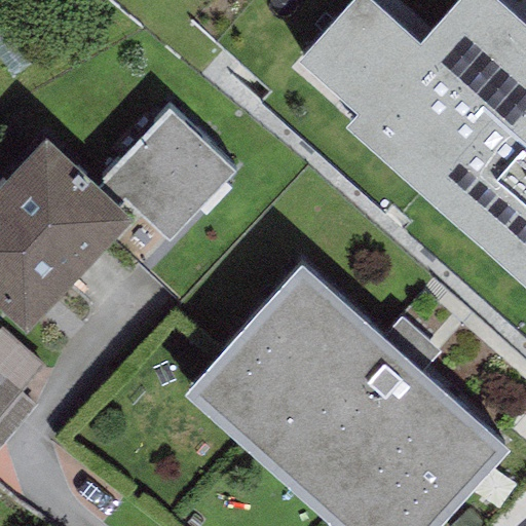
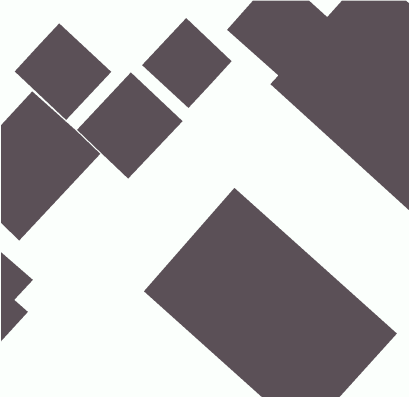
building: none -> [141,17,233,109]
building: none -> [14,22,112,121]

